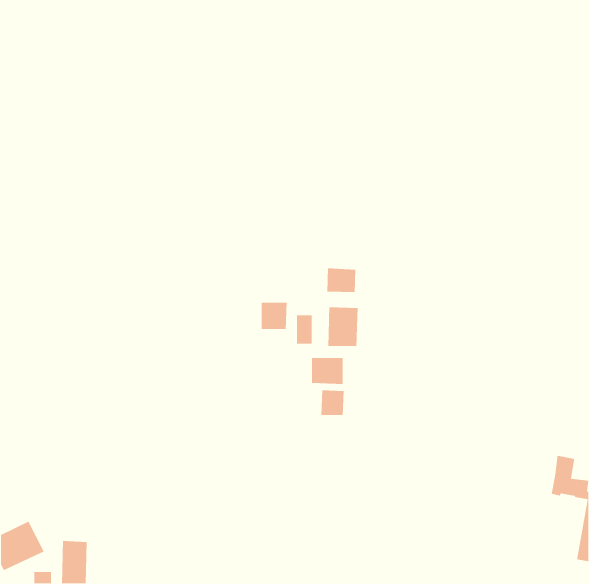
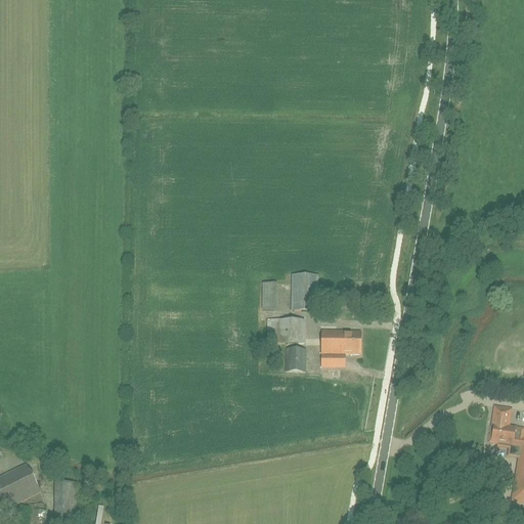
building: [327,267,356,293] -> none
building: [261,302,287,330] -> none
building: none -> [320,330,359,365]

